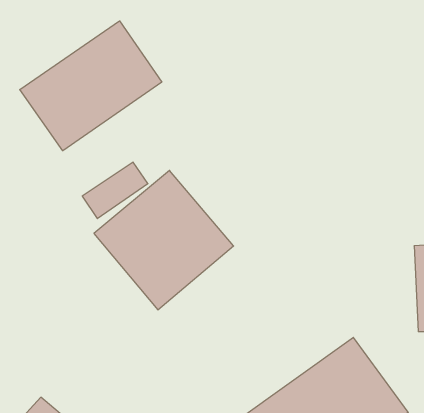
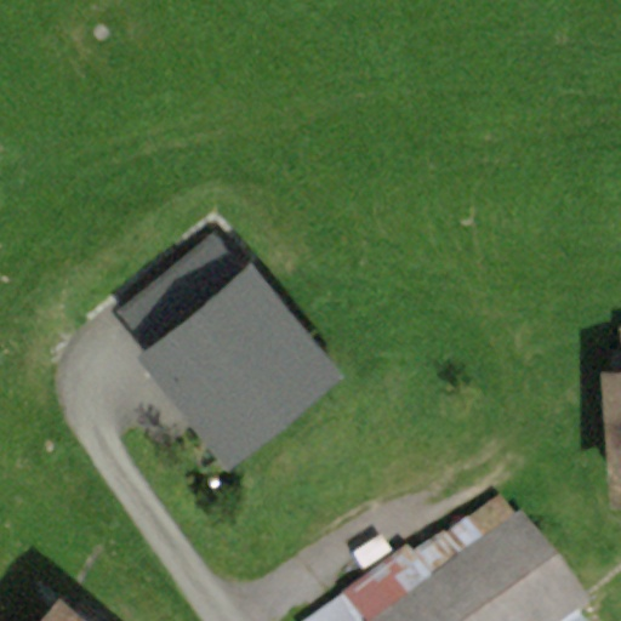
building: [20,21,162,151] -> none

